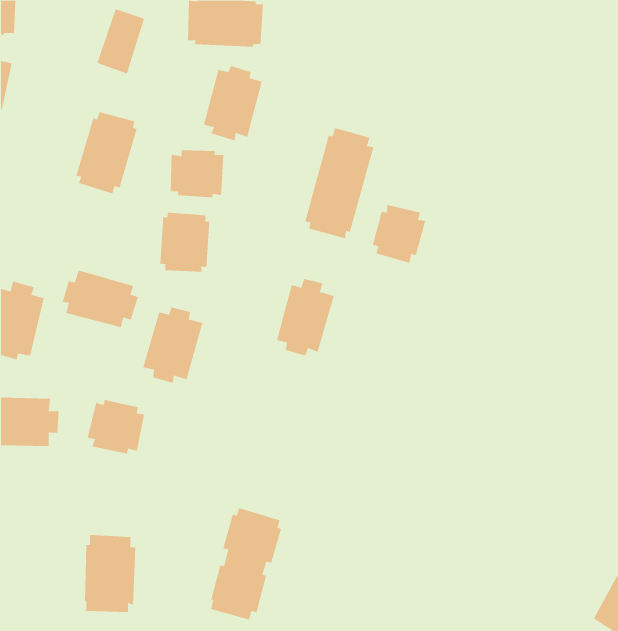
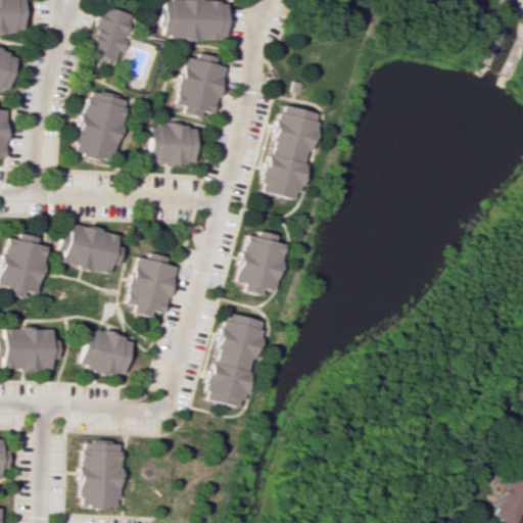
building: [372,204,426,264] -> none
building: [160,212,210,272] -> none
building: [210,508,282,620] -> [208,315,268,408]

